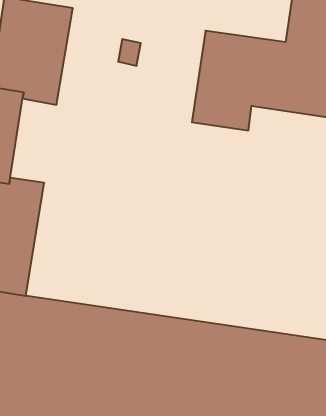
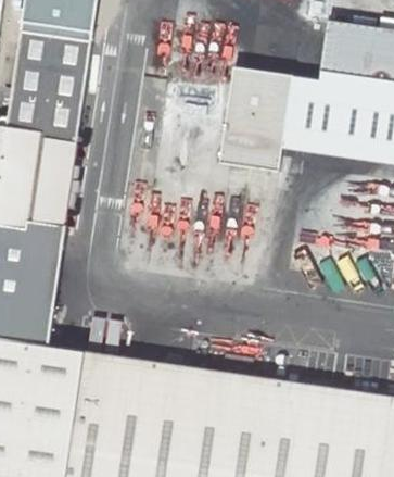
building: none -> [27,139,76,228]

